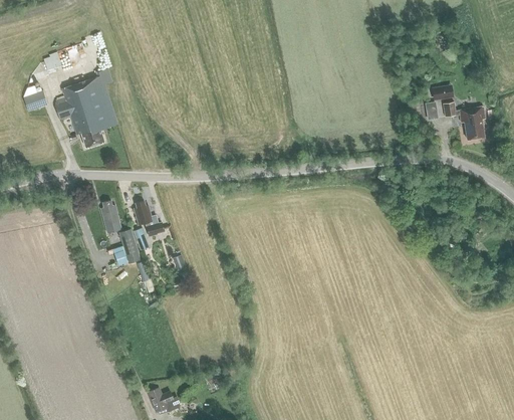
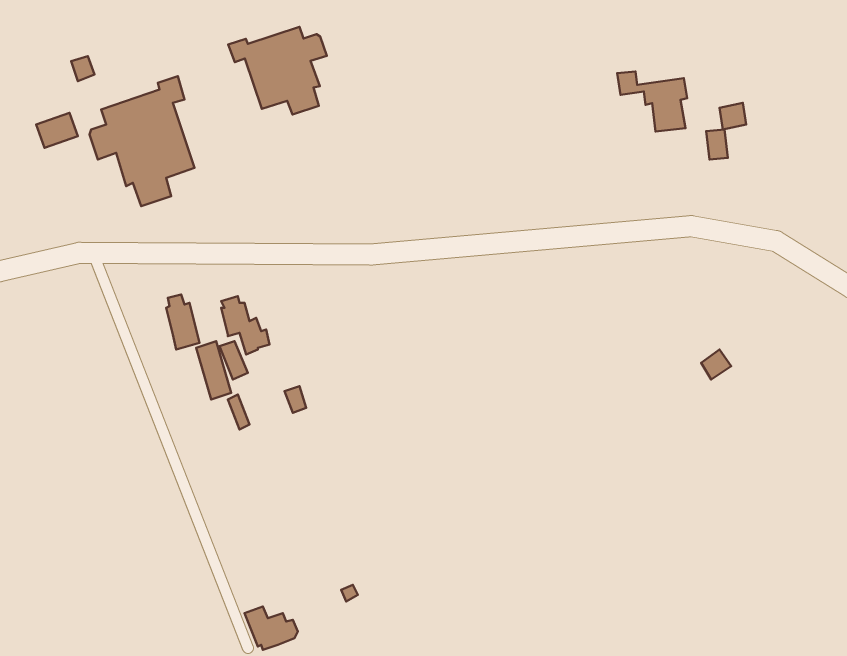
building: none -> [228,27,327,115]
building: [443,102,485,139] -> [617,71,687,131]

